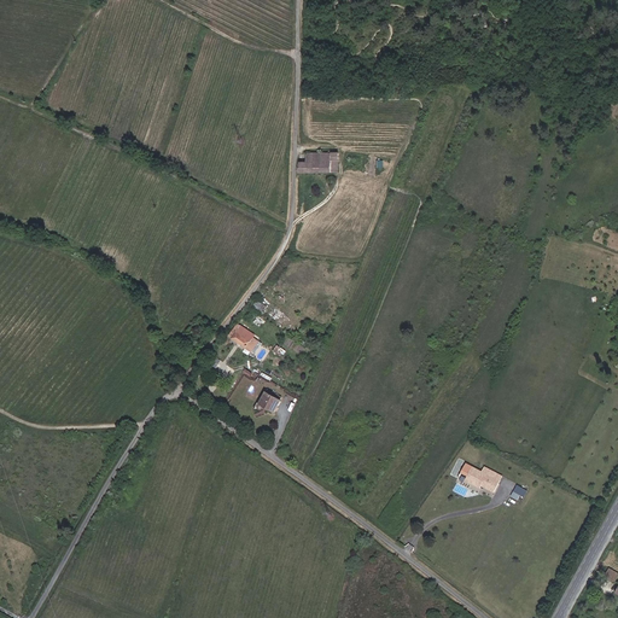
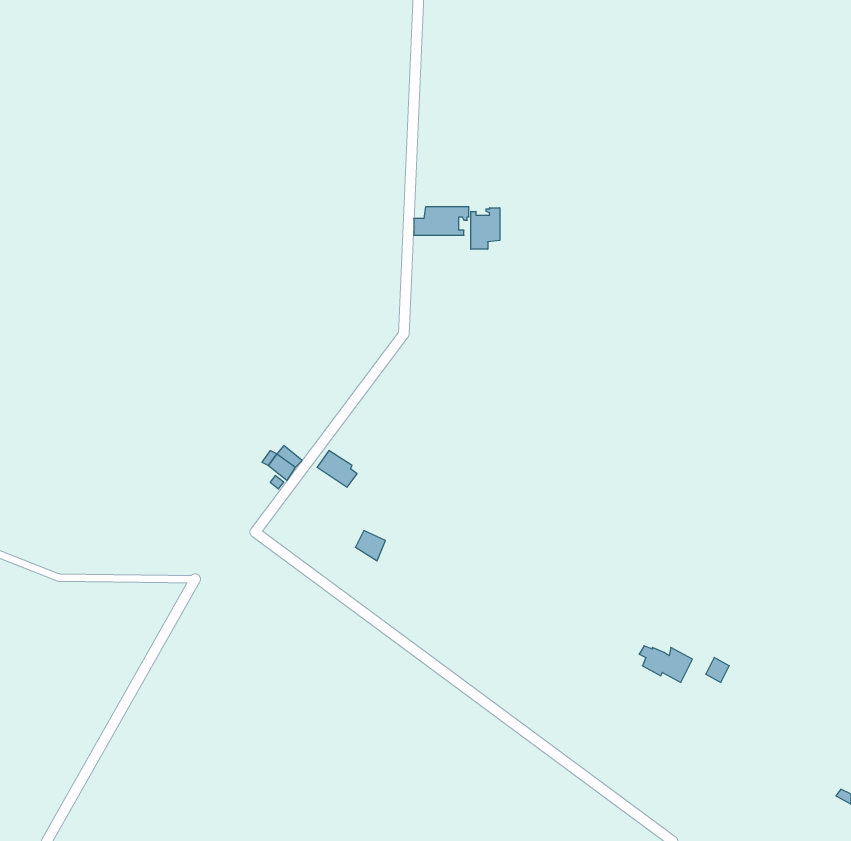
building: none -> [471,208,500,249]

